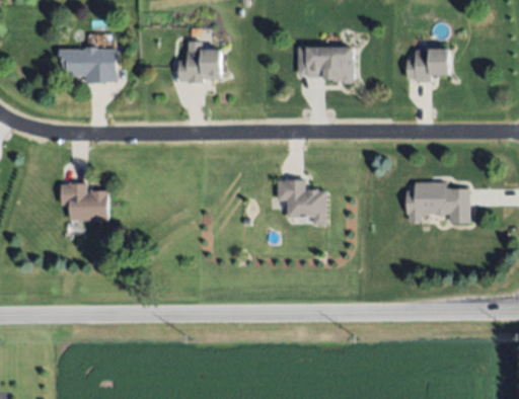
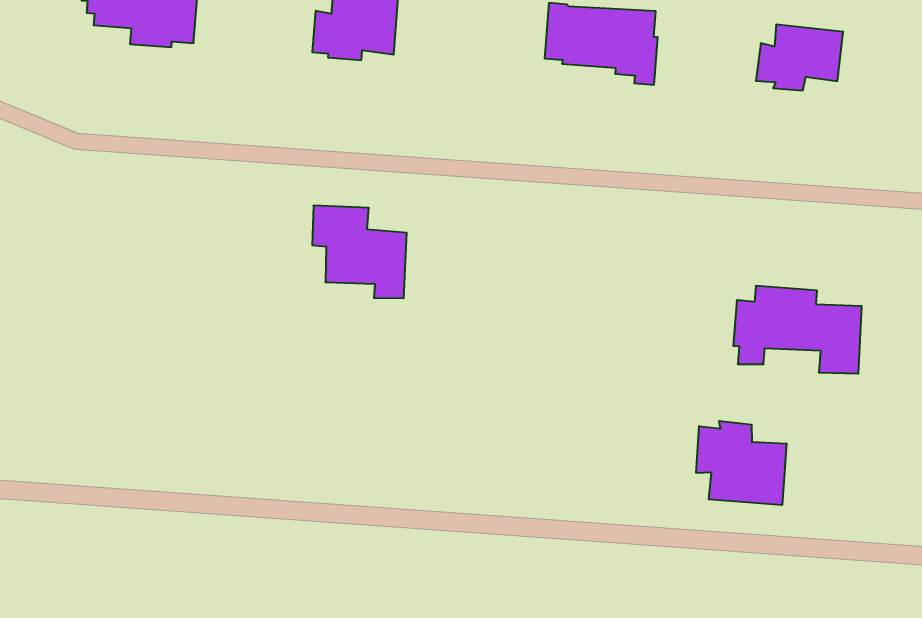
building: [278,179,327,225] -> [312,206,407,298]
building: [62,183,109,220] -> none
building: none -> [696,421,786,505]

